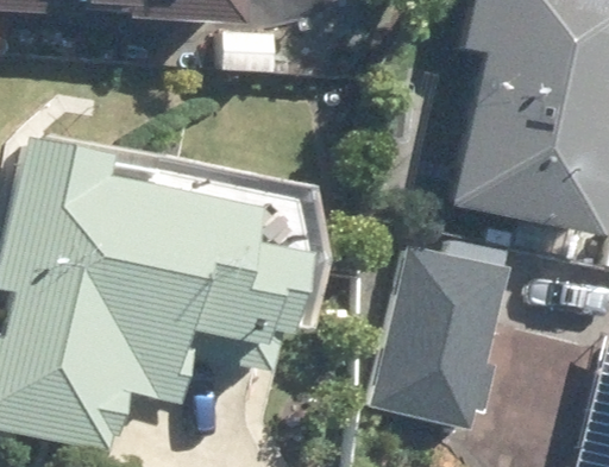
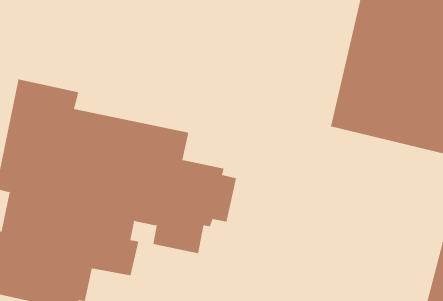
building: [369,236,507,422] -> none

